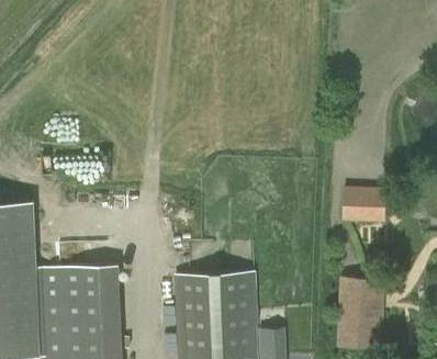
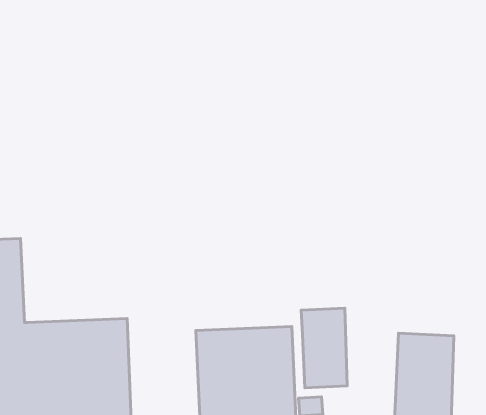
building: [343,189,385,222] -> none
building: none -> [301,308,347,388]

